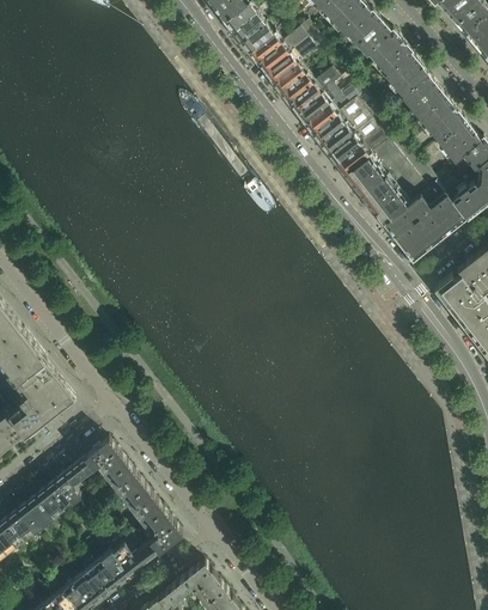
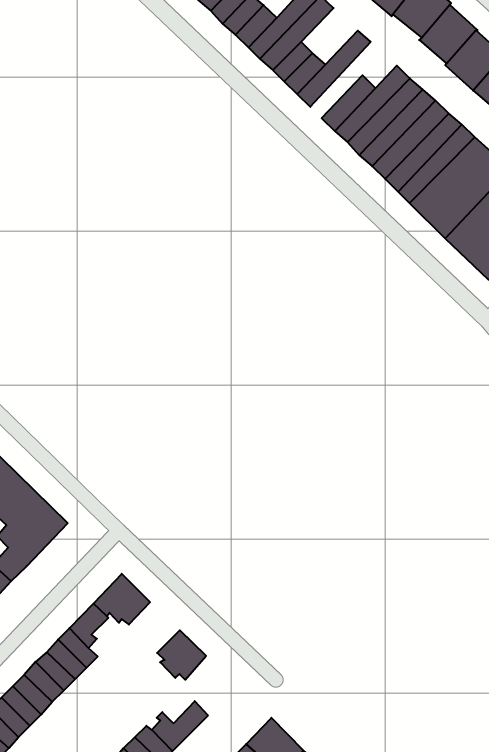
building: [297,72,365,123] -> none
building: [109,463,146,501] -> none
building: [145,508,182,553] -> none

